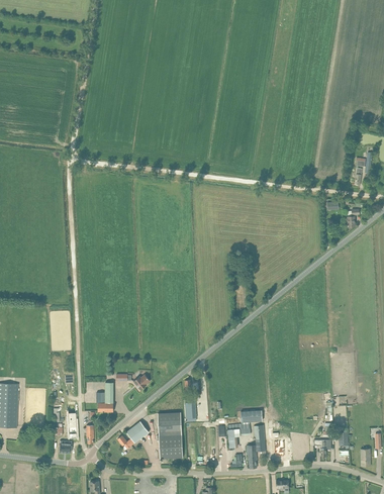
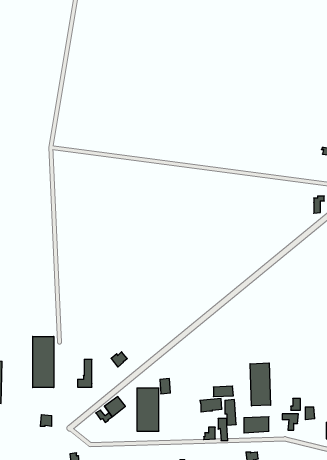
building: none -> [33,336,54,388]
building: none -> [250,363,271,406]

